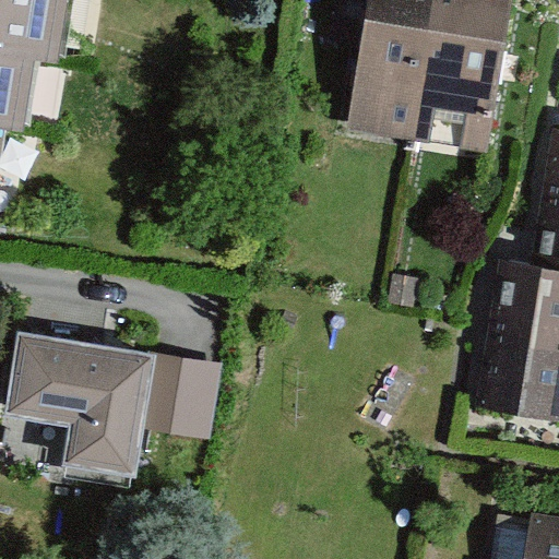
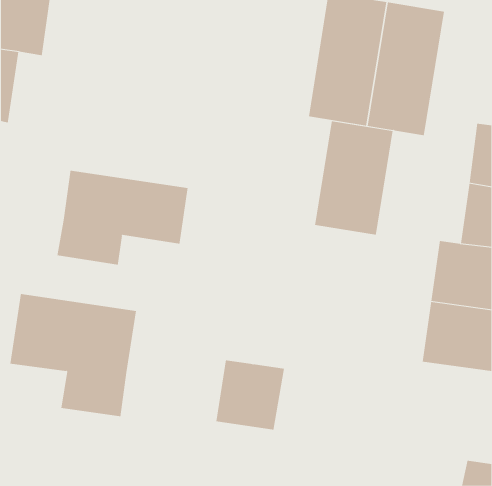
building: none -> [314,121,393,235]
building: none -> [57,170,188,265]
building: [144,353,223,432] -> [215,360,285,430]

